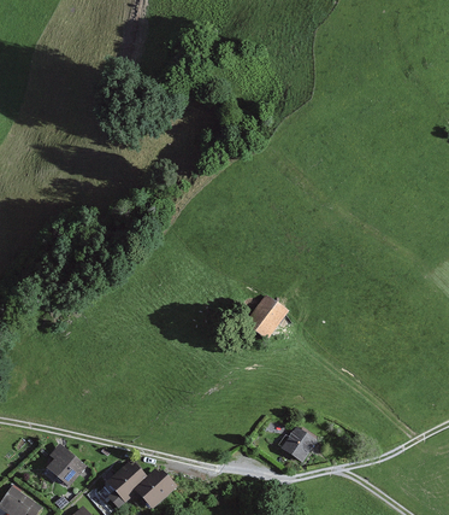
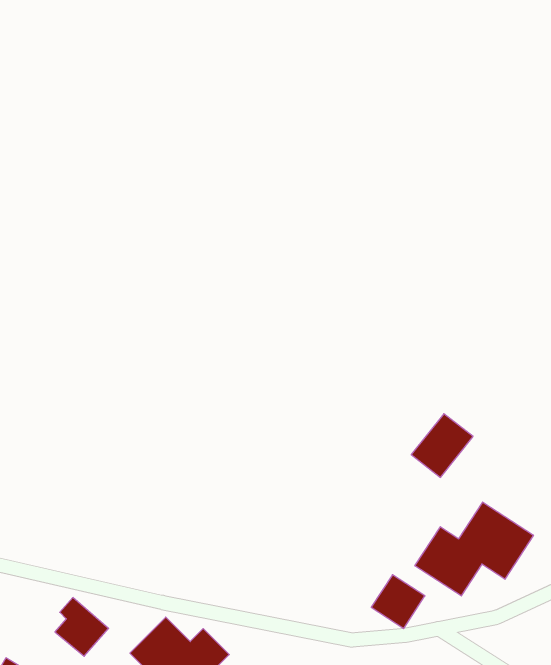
building: [241,295,286,343] -> [411,414,473,477]
building: none -> [415,502,533,596]

